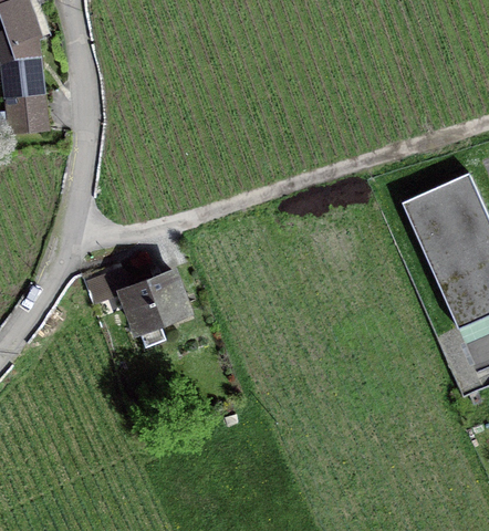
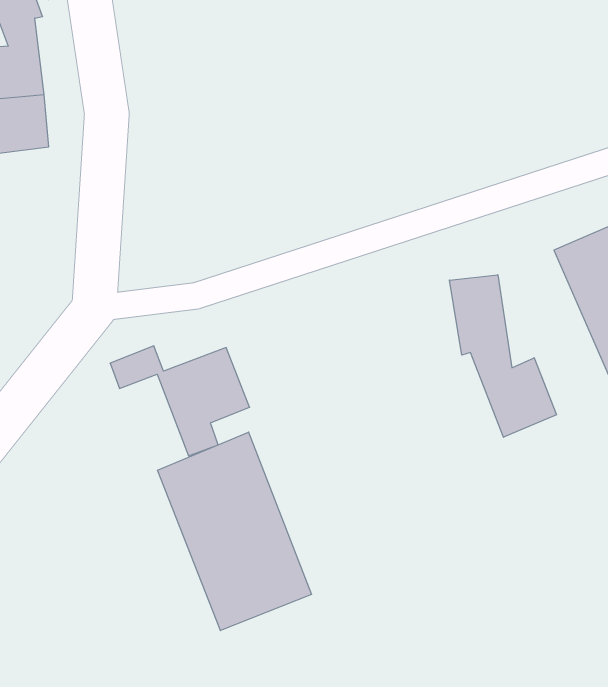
building: none -> [449,275,557,437]
building: none -> [157,432,311,631]

